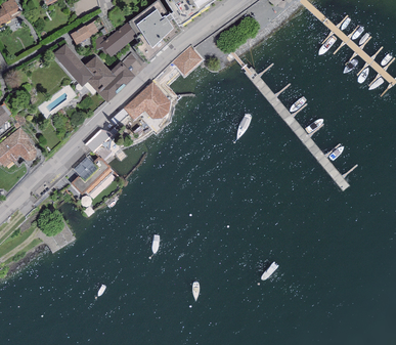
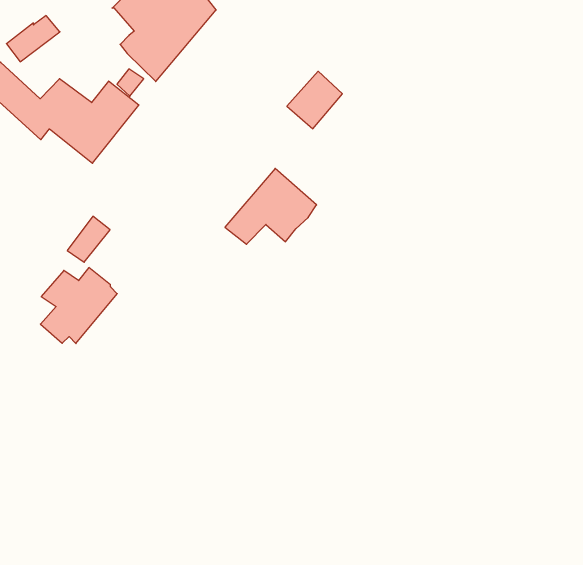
building: [94,21,137,55] -> none
building: [172,46,202,76] -> [287,71,342,129]
building: [123,81,172,120] -> [225,168,317,244]

